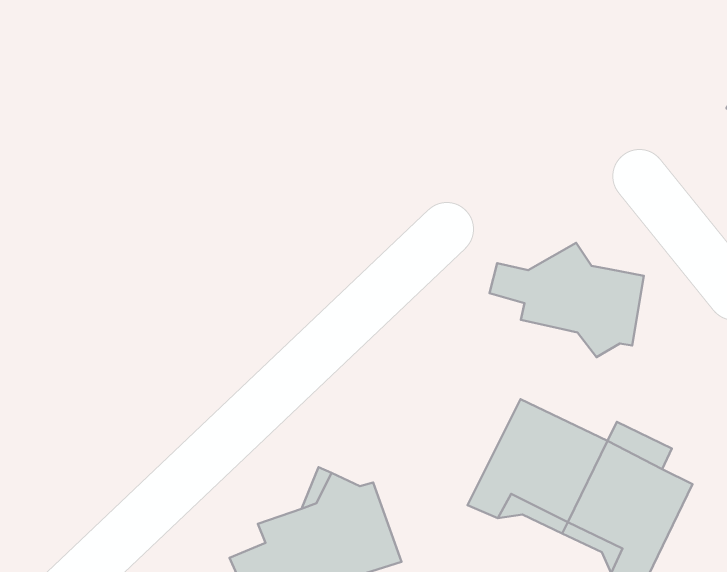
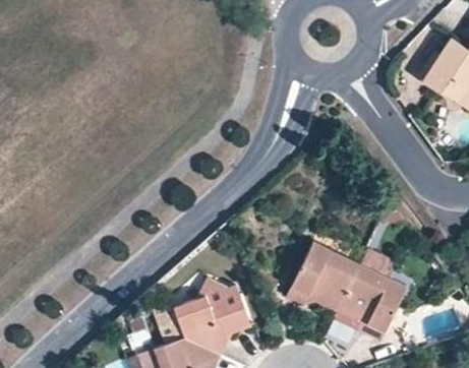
building: [489,243,644,357] -> none

